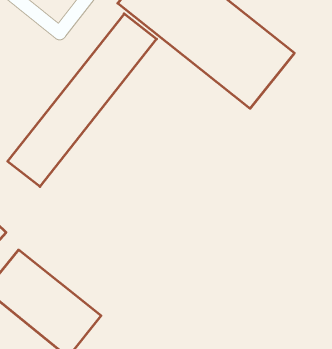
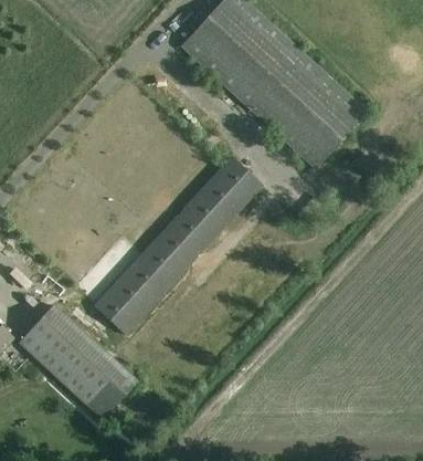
building: [8,14,157,187] -> [94,156,264,336]

